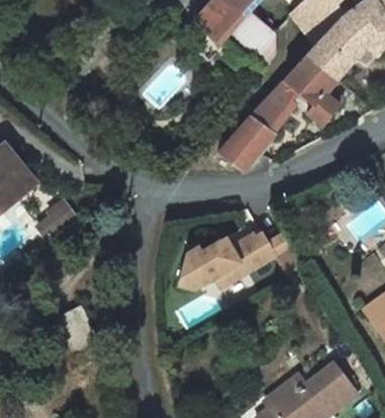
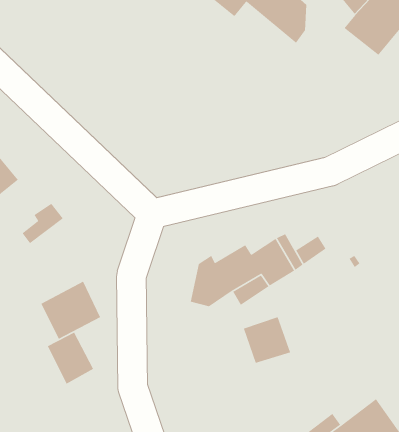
building: [218,54,345,171] -> none
building: none -> [40,280,101,340]
building: none -> [243,316,291,364]

